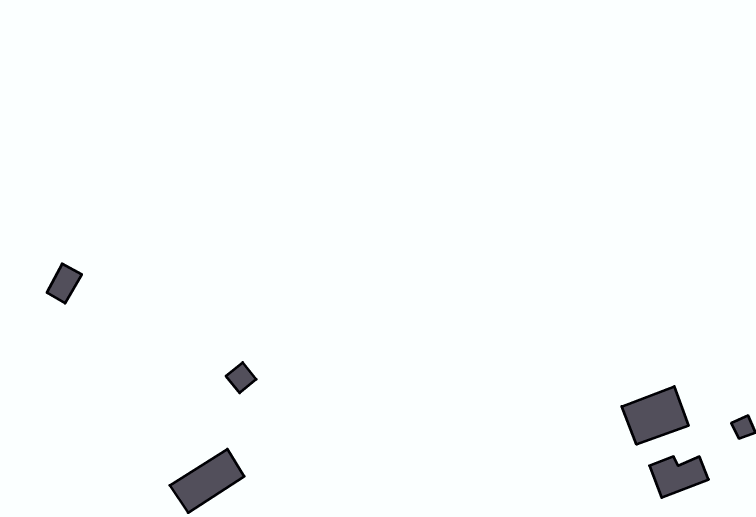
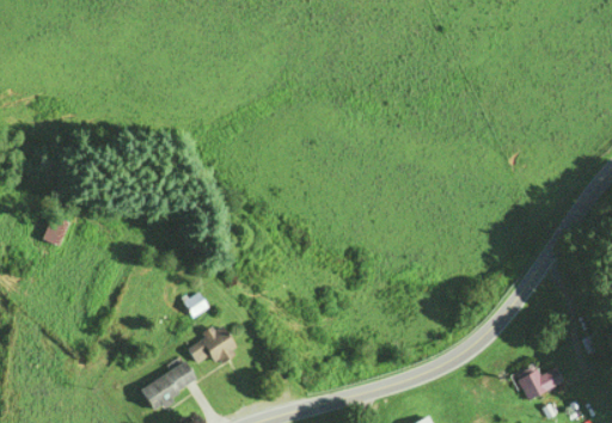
building: [622,386,688,444] -> none
building: none -> [186,324,239,366]

